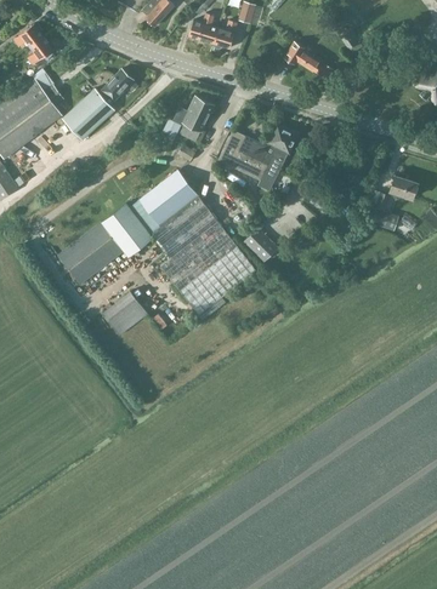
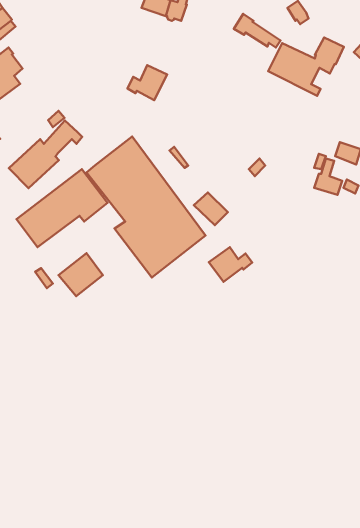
building: [62,69,138,139] -> [9,120,82,188]
building: [218,125,297,185] -> [268,37,344,96]
building: none -> [209,247,252,282]

